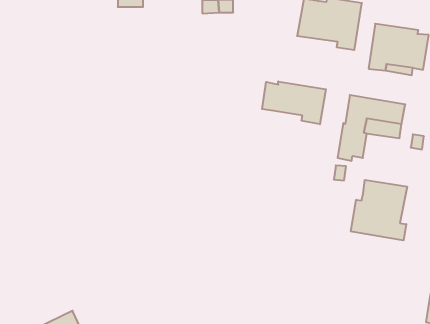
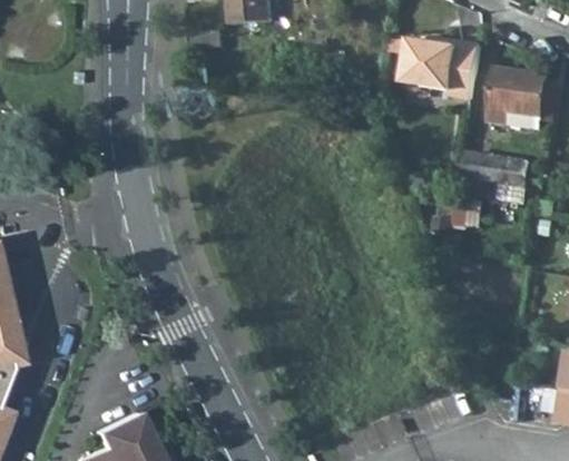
building: [262,81,326,124] -> none
building: [351,180,407,240] -> none

